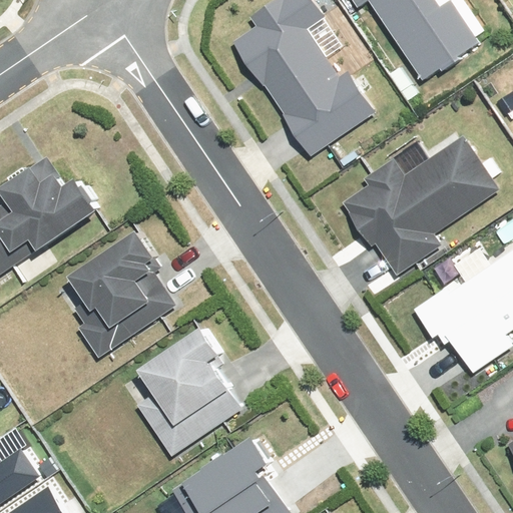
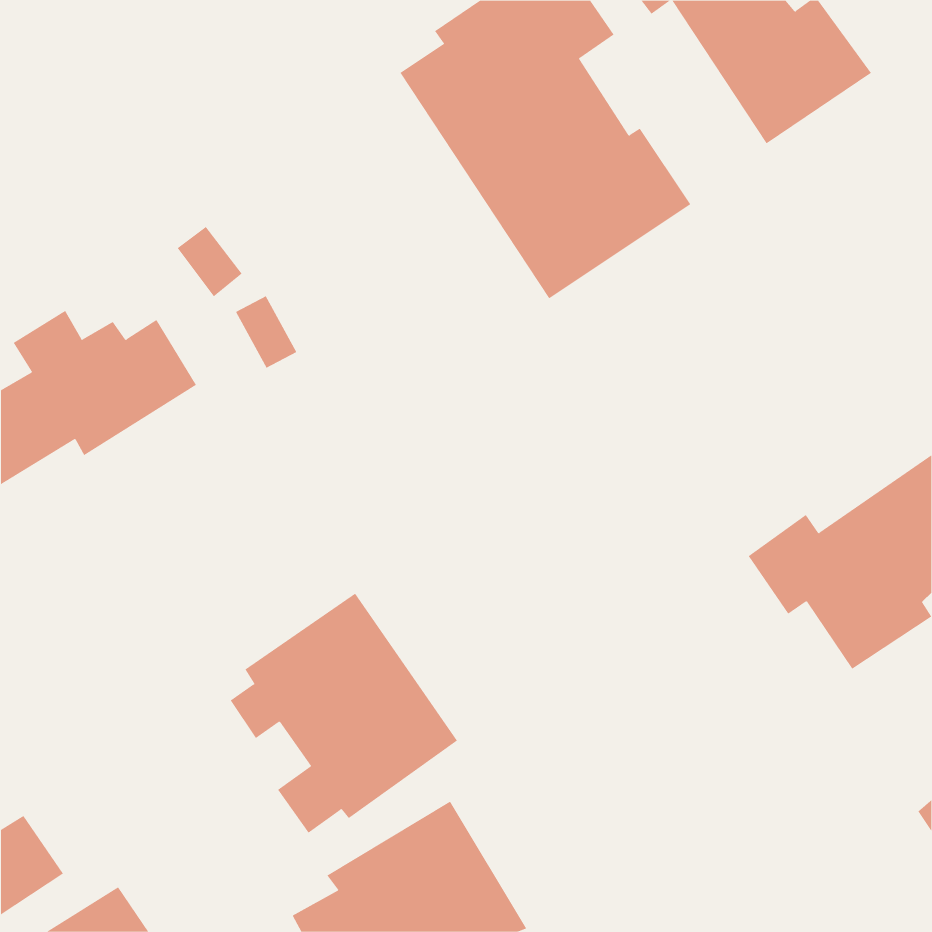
building: [339,133,503,276] -> none
building: [65,230,175,358] -> none

